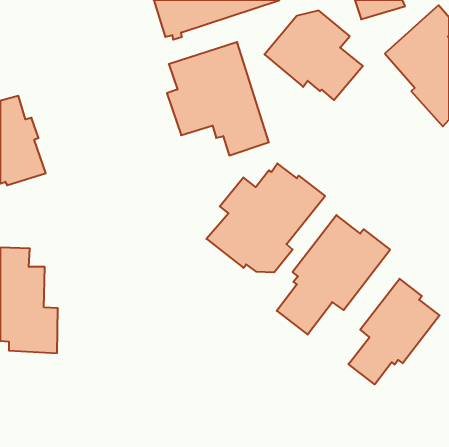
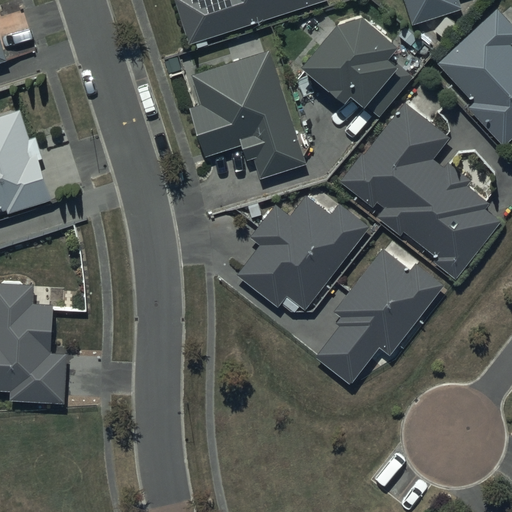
building: none -> [340,102,500,278]
building: [348,279,440,384] -> none

